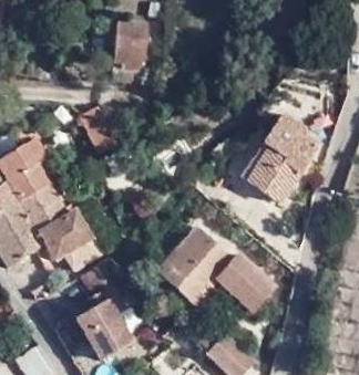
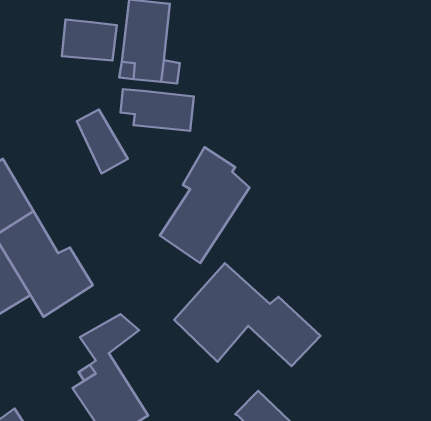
building: none -> [62,20,117,60]
building: none -> [120,89,194,131]
building: [245,108,314,197] -> [160,147,250,263]

